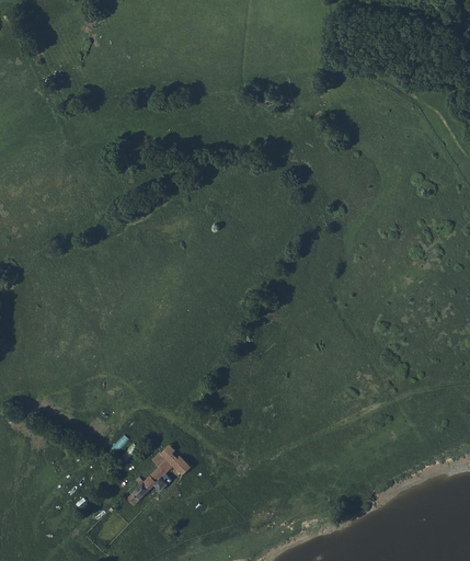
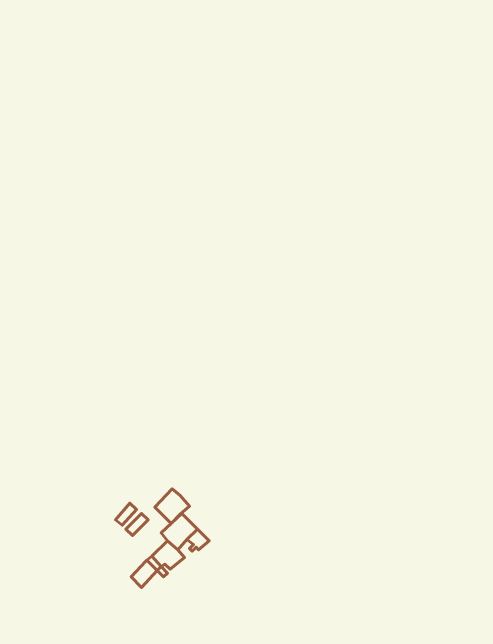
building: none -> [155,489,190,523]

